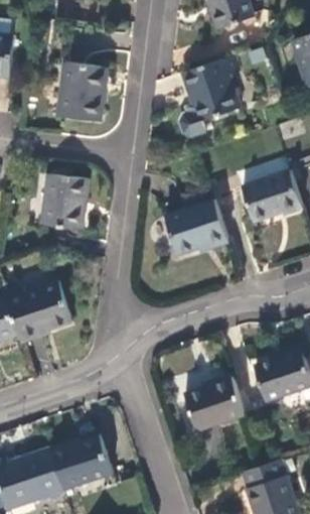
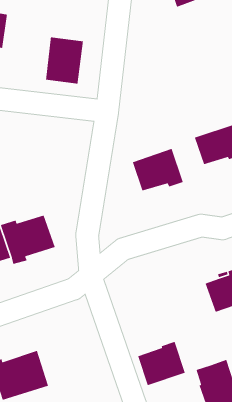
building: [172,55,241,137] -> none
building: [42,174,87,230] -> none
building: [184,375,244,430] -> [137,341,186,386]
building: [50,434,112,489] -> none

